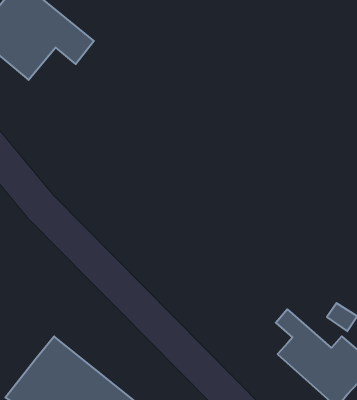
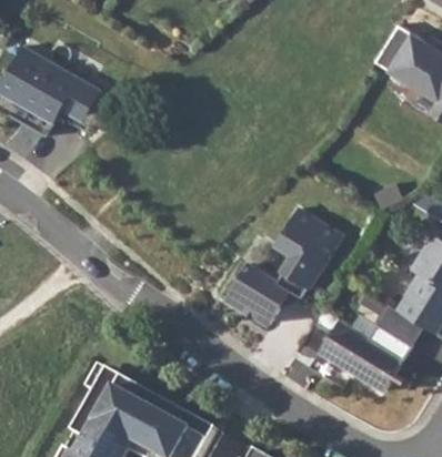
building: none -> [227,207,340,323]

